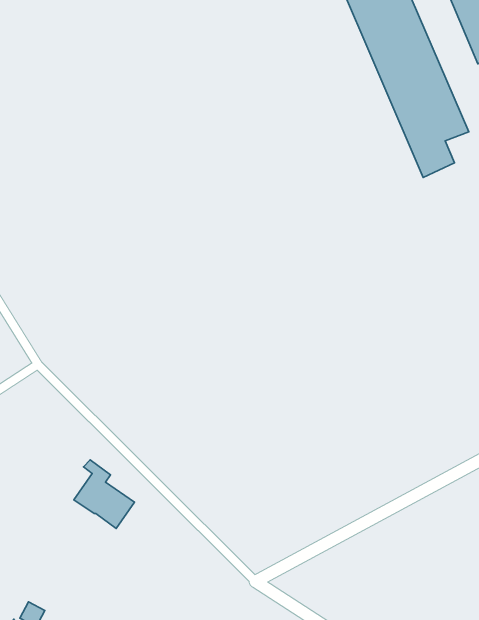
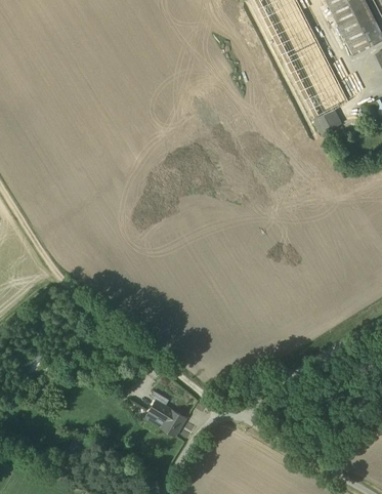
building: [74,460,135,529] -> [145,390,186,436]

